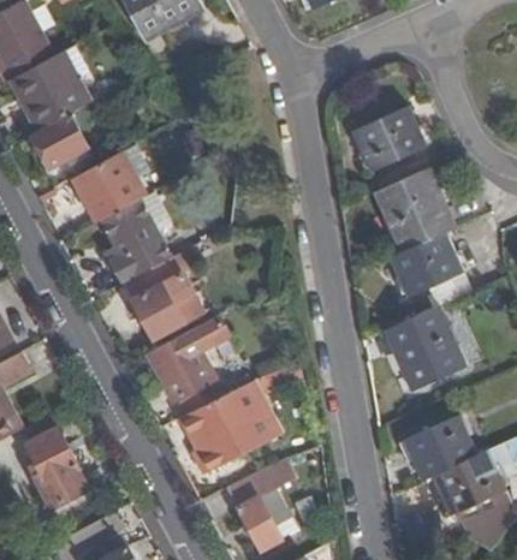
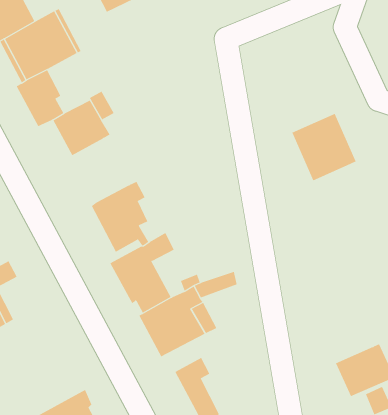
building: [355,103,428,171] -> none
building: [105,199,171,282] -> none
building: [387,233,460,299] -> none
building: [381,308,464,393] -> none
building: [402,419,474,483] -> none
building: [26,428,88,508] -> none

